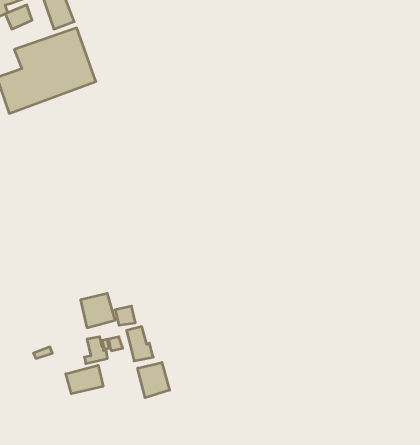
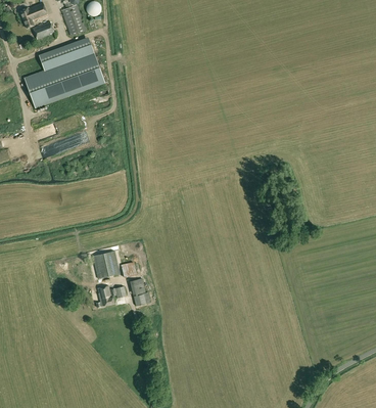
building: [138,362,170,398] -> none
building: [66,365,103,394] -> none

